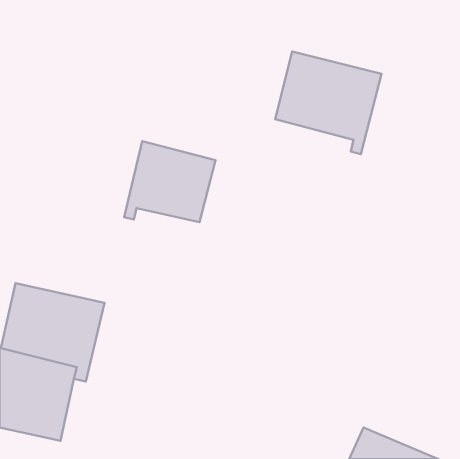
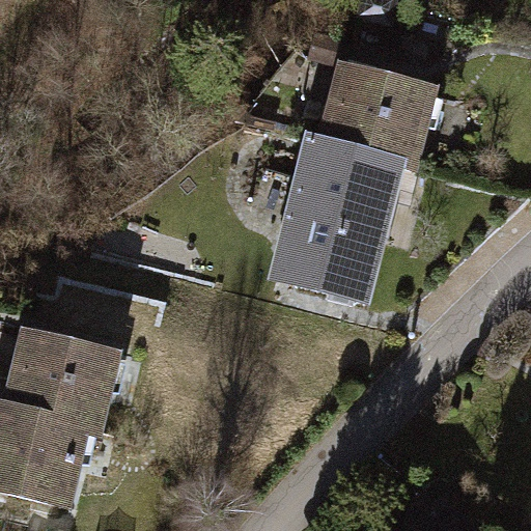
building: none -> [268,134,407,303]
building: [124,141,215,222] -> none

